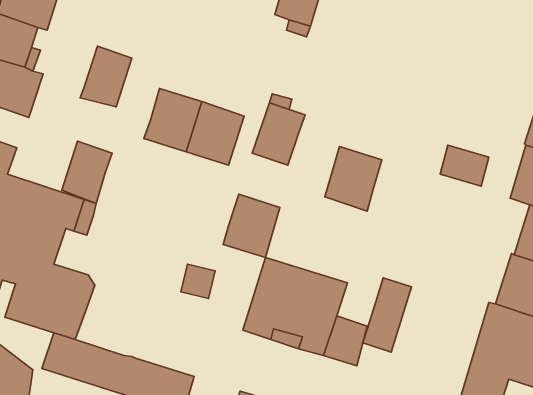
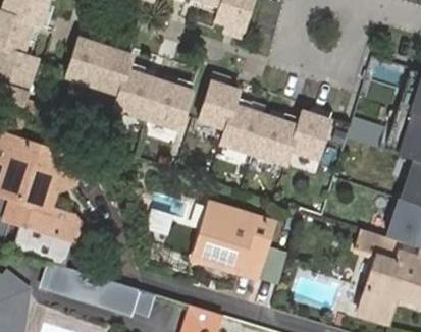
building: [62,141,112,203] -> [95,48,134,96]
building: none -> [293,112,332,160]
building: [223,194,280,258] -> [223,106,267,155]
building: [363,278,411,352] -> none

